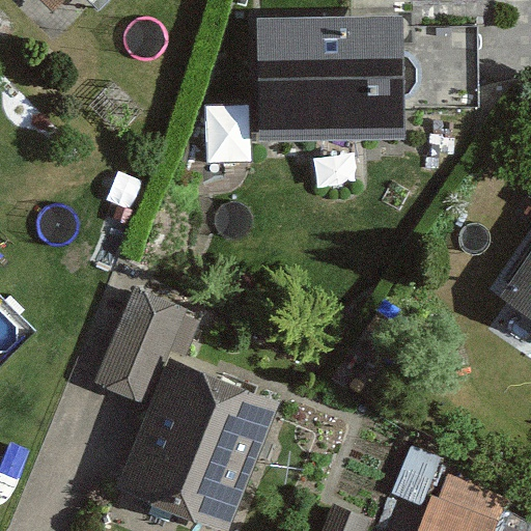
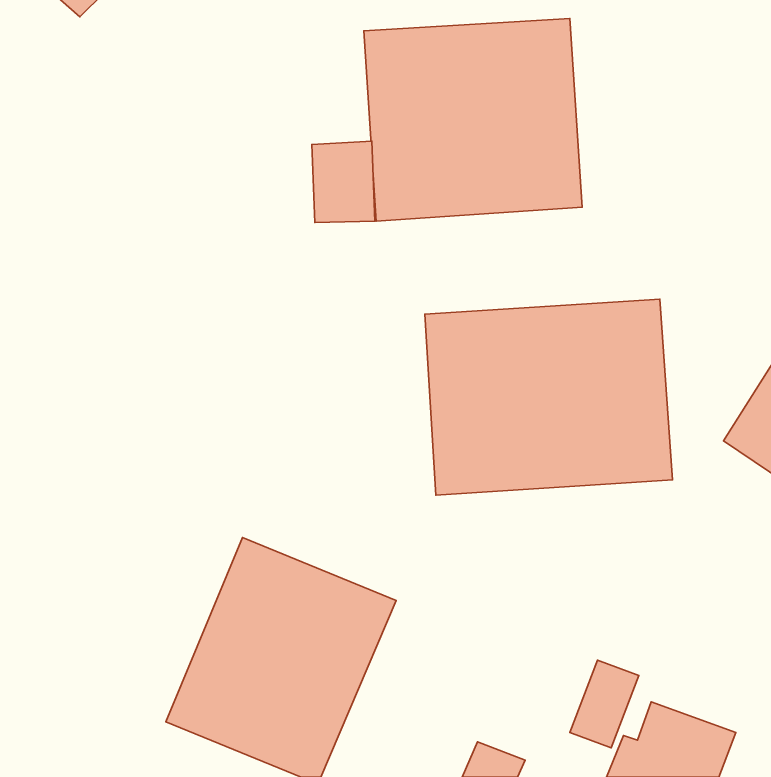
building: none -> [425,299,673,495]
building: [97,287,181,403] -> none

